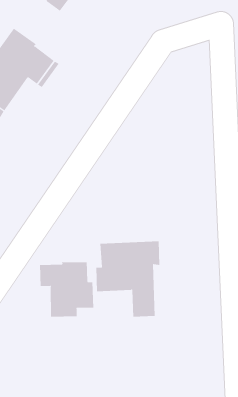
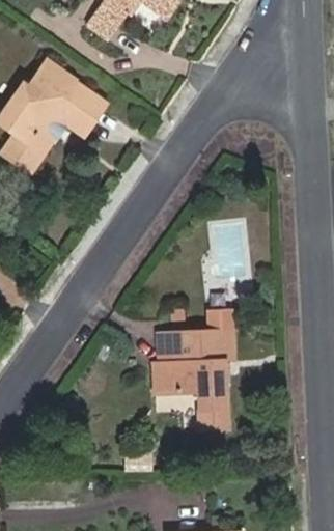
building: [40,261,94,318] -> none

